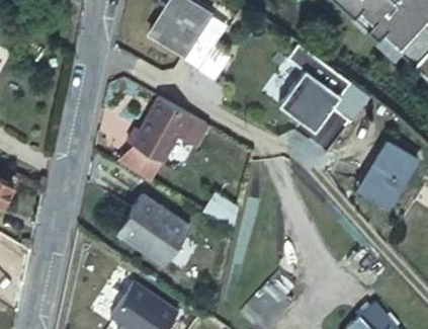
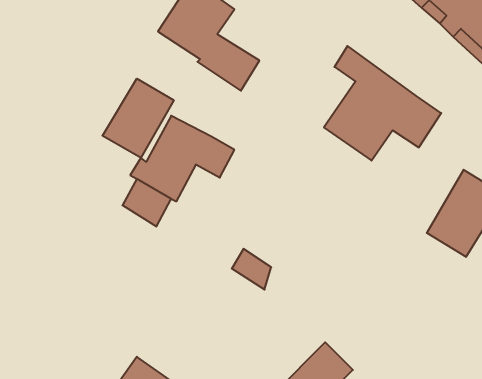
building: none -> [102,79,174,158]
building: [118,198,188,265] -> none

